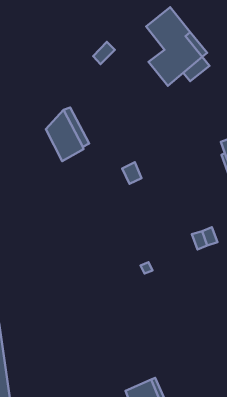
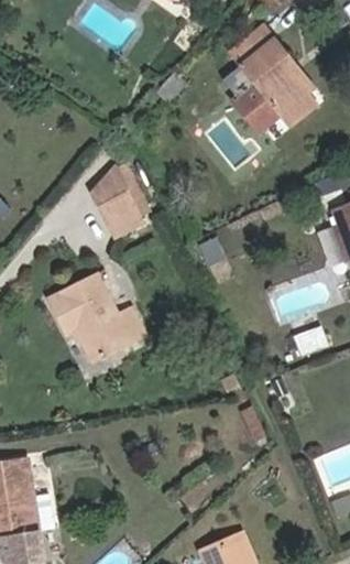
building: none -> [50,275,145,361]

